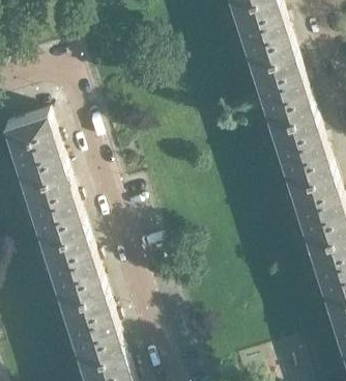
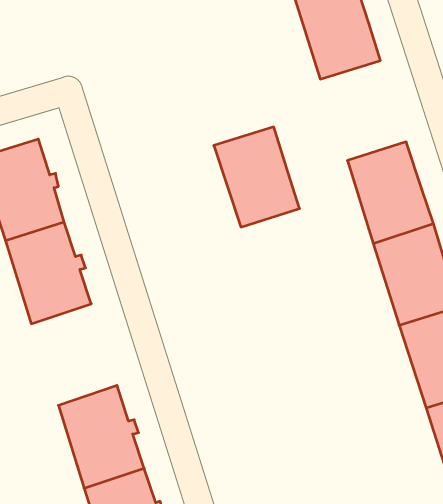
building: [251,58,313,131] -> [214,127,300,227]
building: [41,235,104,308] -> none

